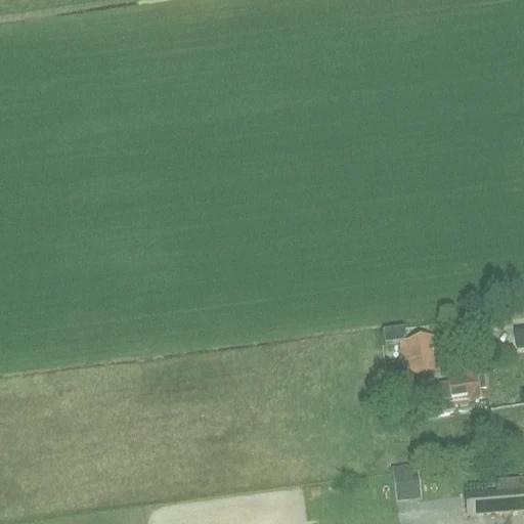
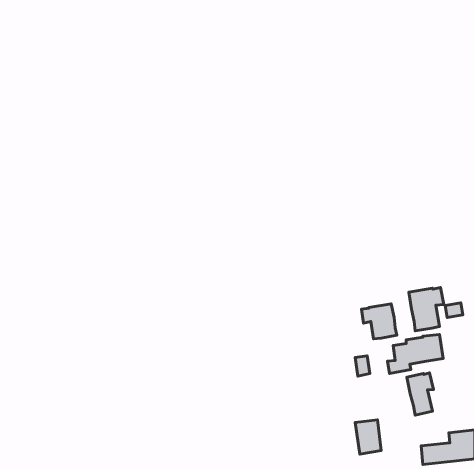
building: none -> [409,288,444,331]
building: none -> [407,373,433,415]

